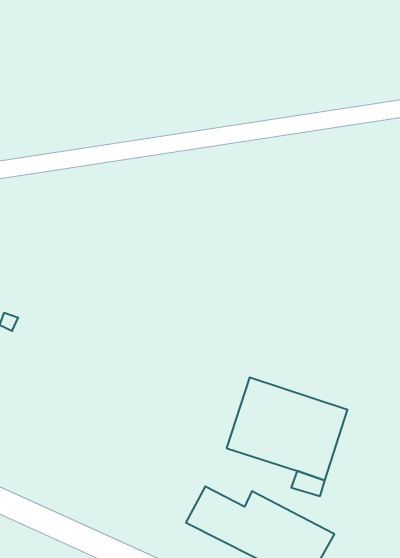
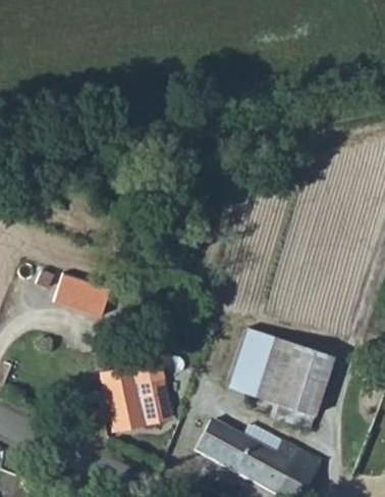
building: none -> [54,272,111,315]
building: none -> [100,361,172,432]

